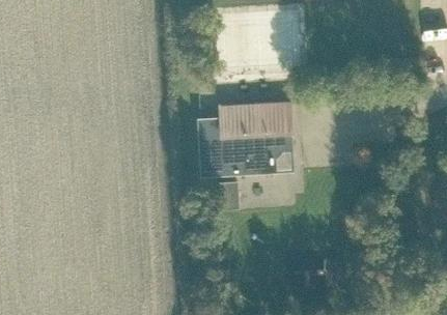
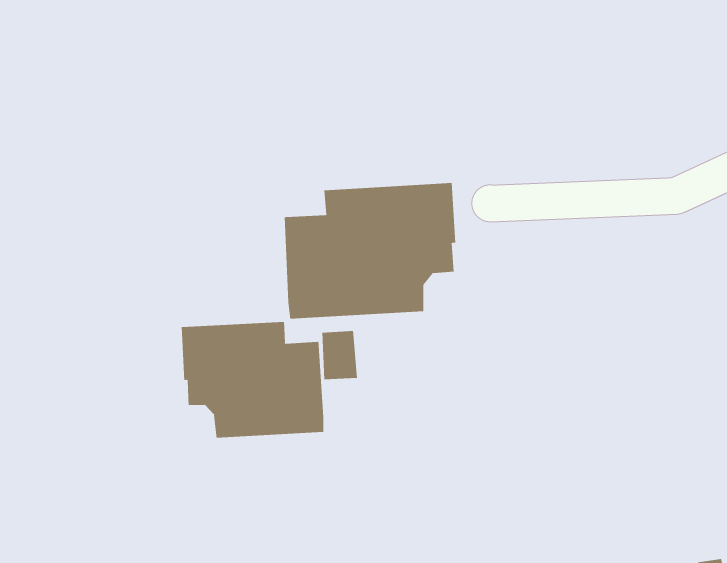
building: none -> [181,321,324,438]

